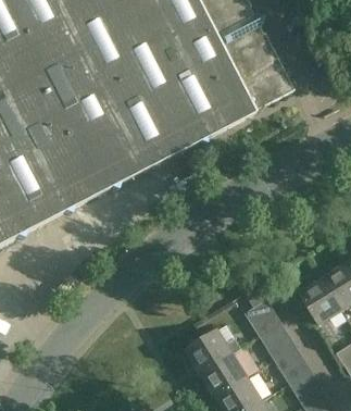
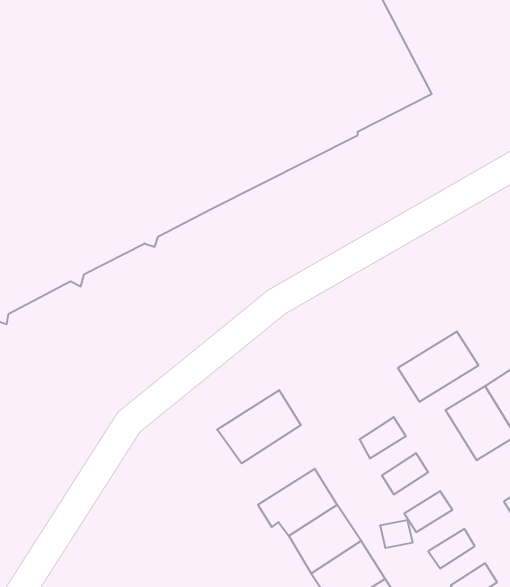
building: none -> [398,331,478,402]
building: none -> [217,390,301,463]

